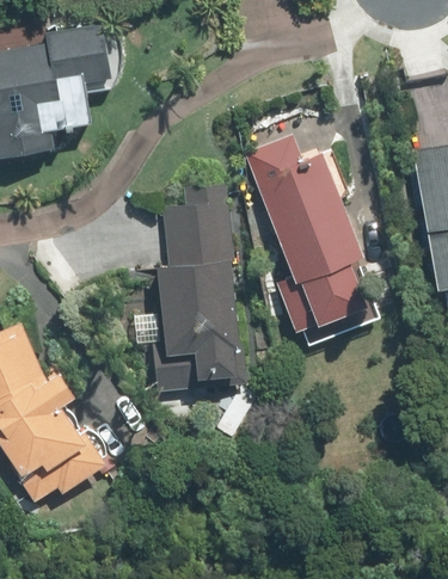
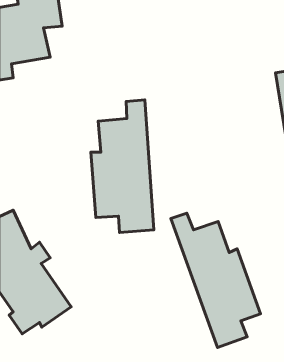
building: [244,140,361,328] -> none
building: none -> [171,213,260,348]

